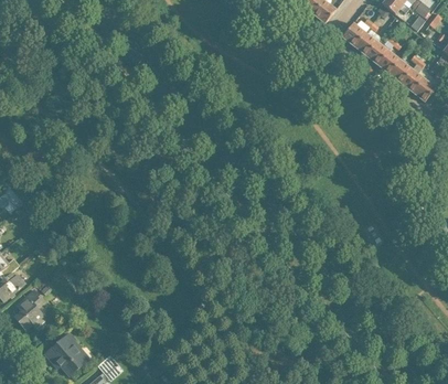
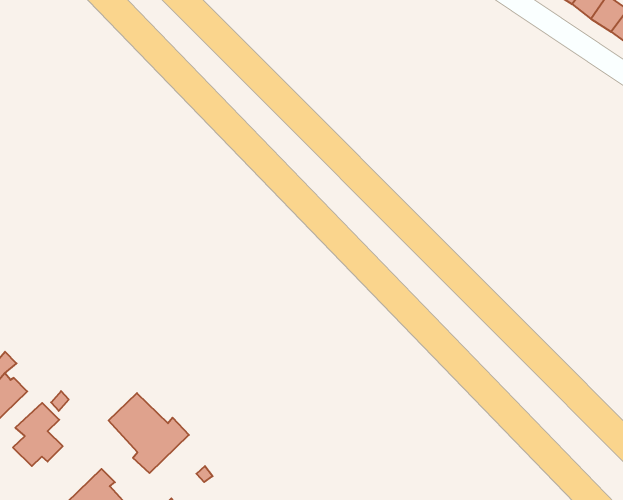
building: none -> [109,393,189,473]

